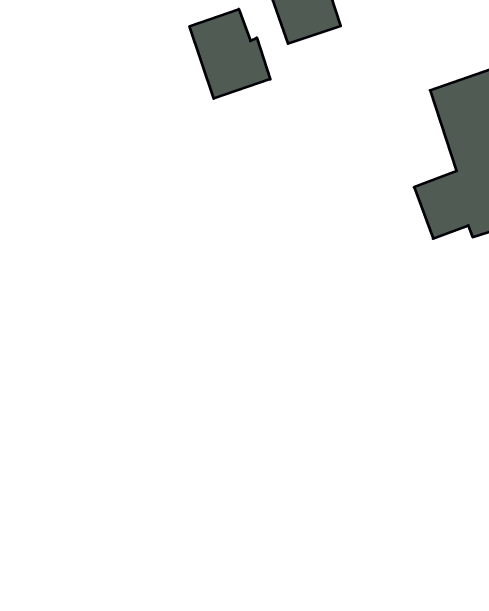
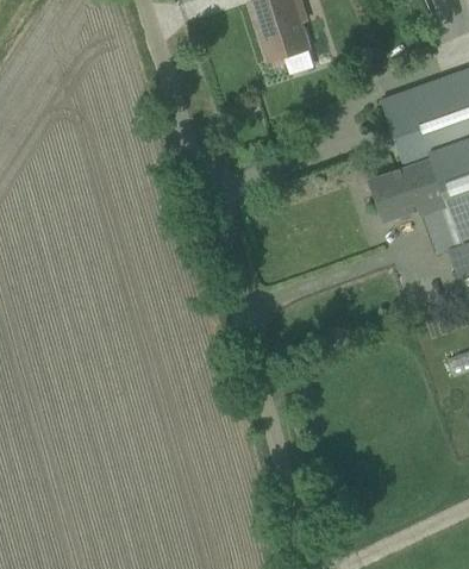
building: [190,9,270,99] -> none

